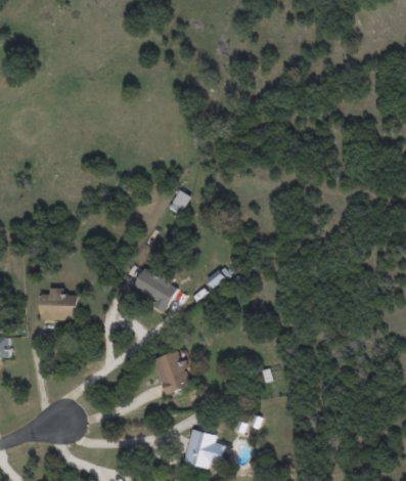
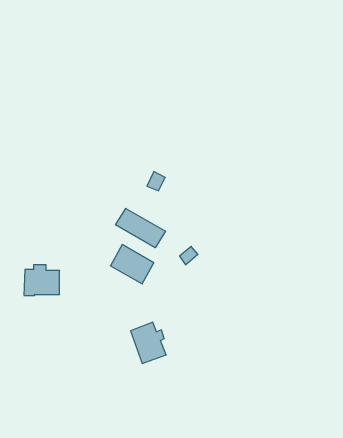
building: none -> [116,208,166,248]
building: [182,429,225,469] -> none

